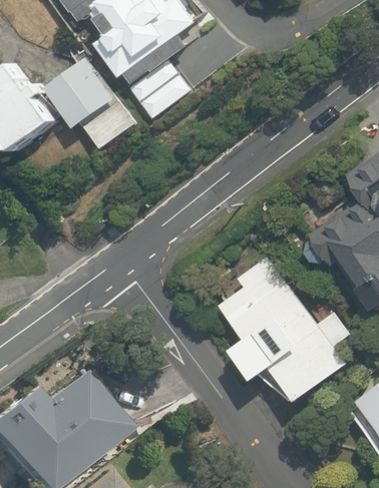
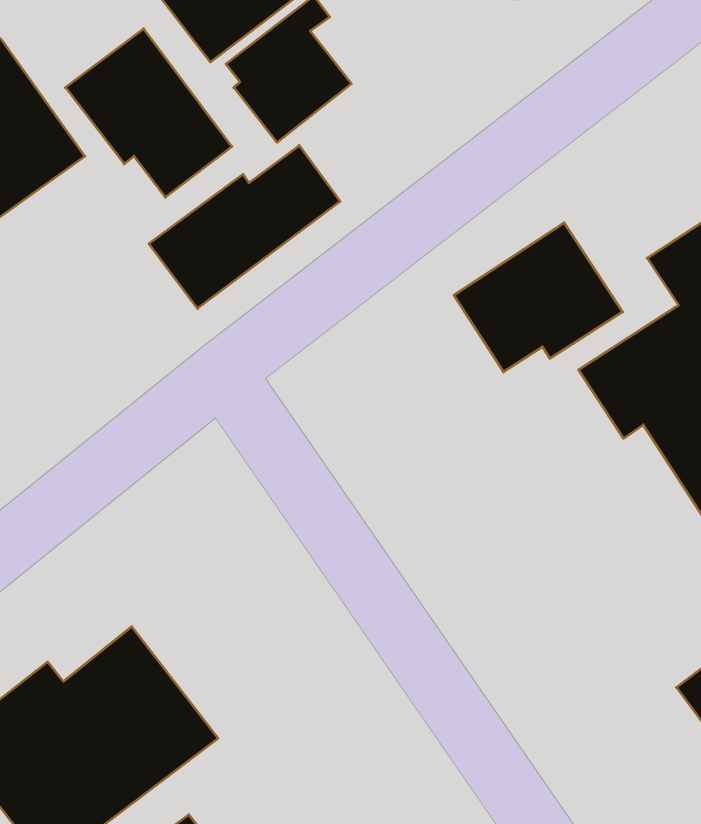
building: none -> [149,145,340,309]
building: none -> [454,223,623,372]
building: [218,259,351,407] -> none

